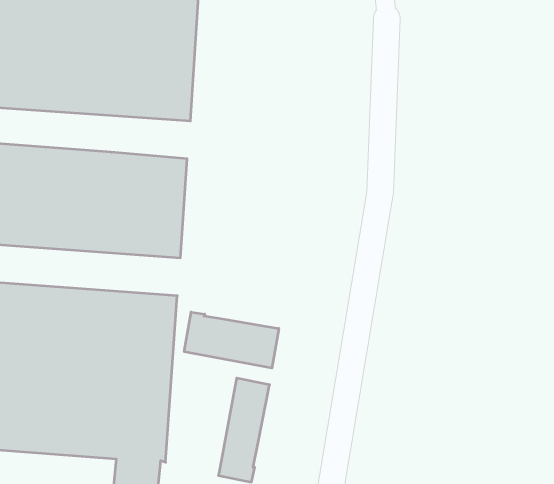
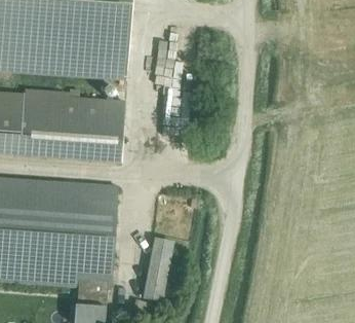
building: [184,312,279,368] -> none

